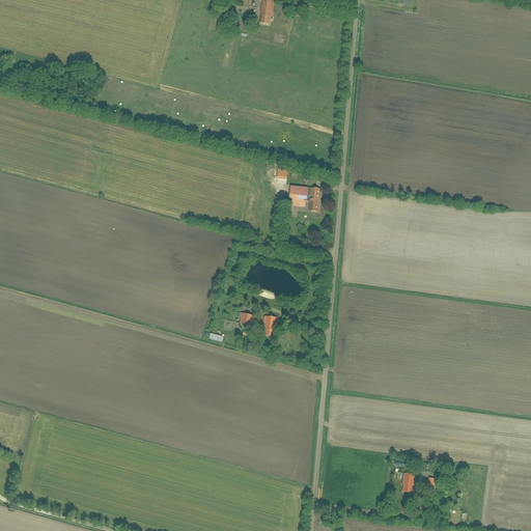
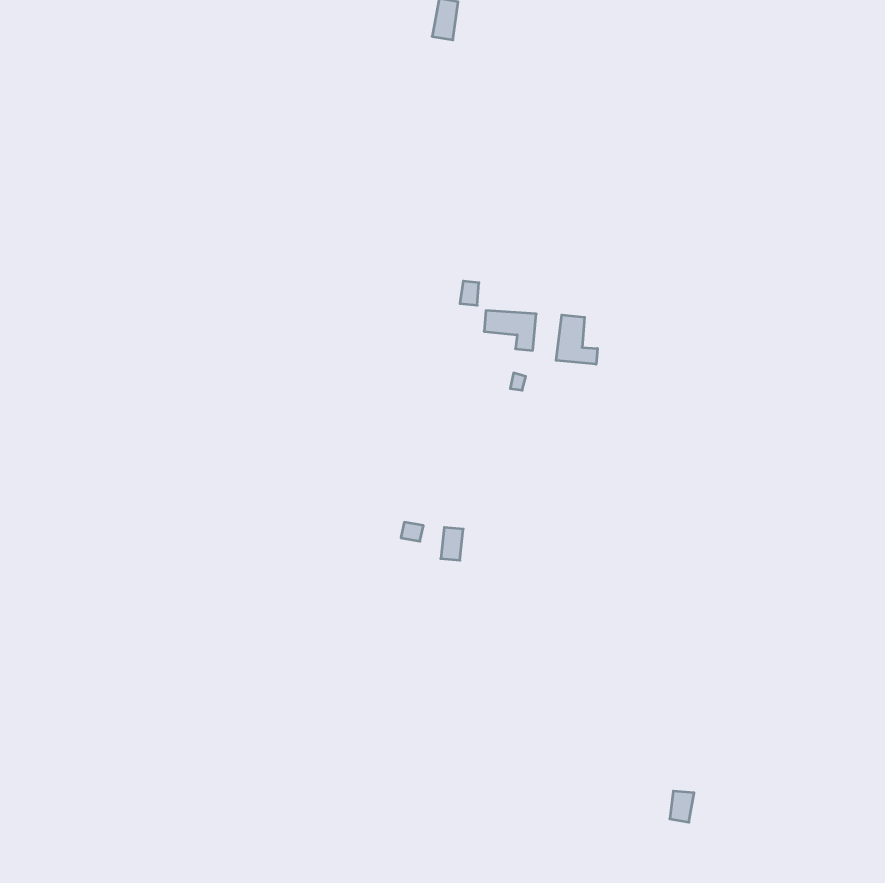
building: none -> [556,315,597,364]

